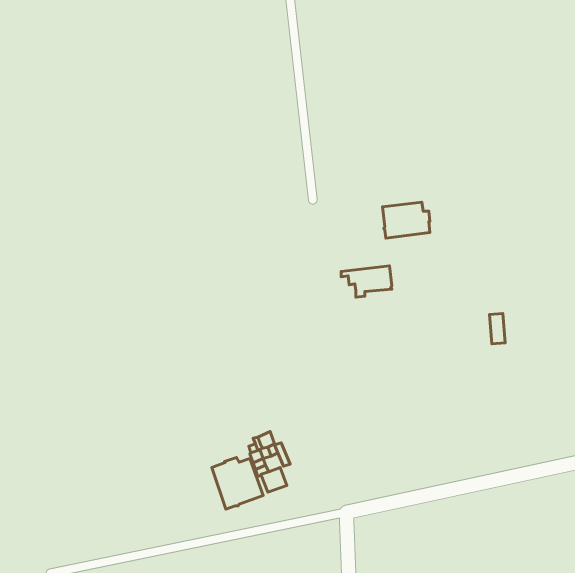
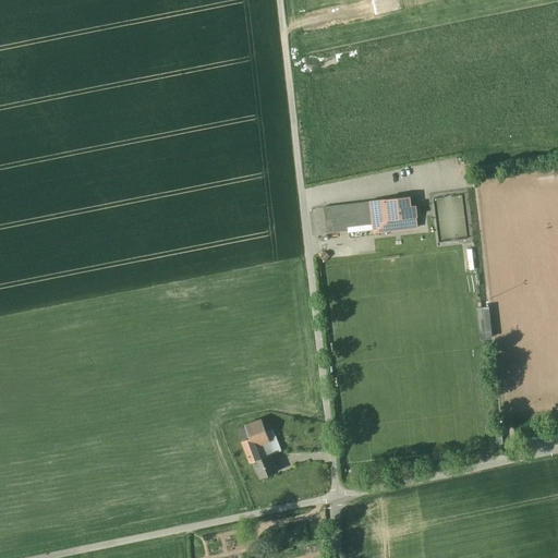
building: [341,266,392,297] -> [324,201,373,231]
building: [212,457,263,509] -> none

